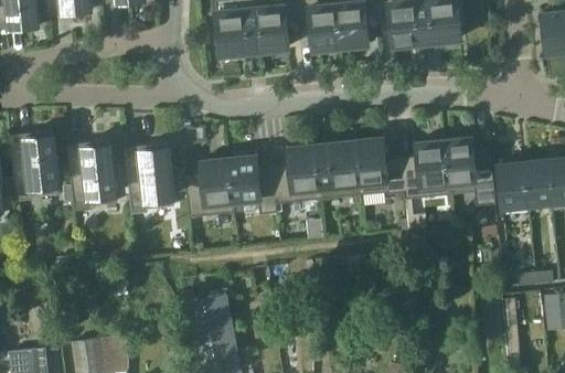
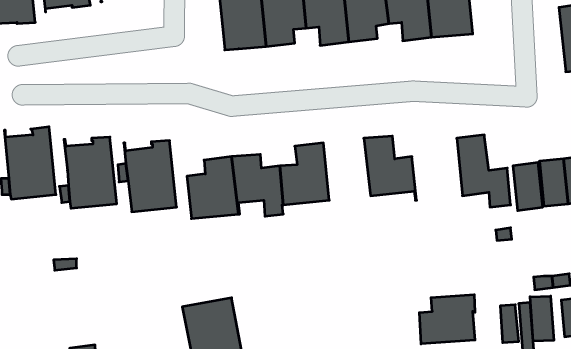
building: [317,140,362,200] -> none
building: [402,140,450,200] -> none
building: none -> [419,295,475,344]
building: none -> [530,296,554,341]

